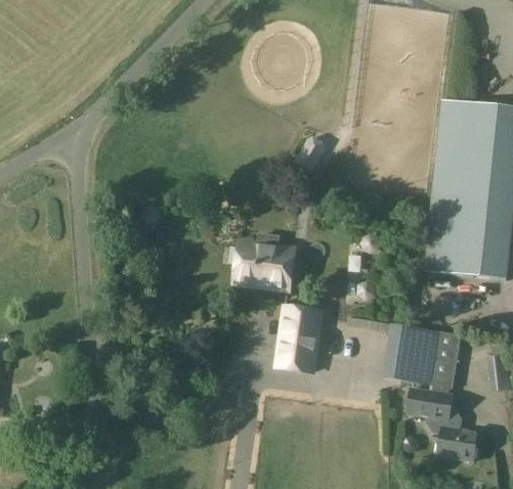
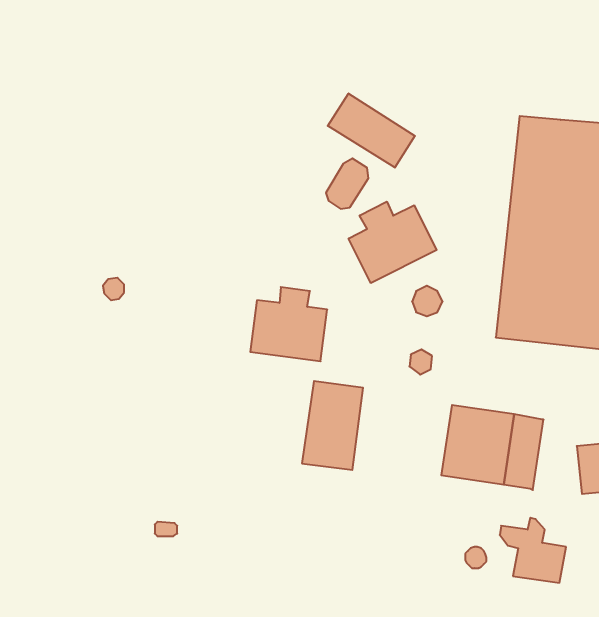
building: none -> [328,93,415,168]
building: none -> [349,202,437,283]
building: [407,388,453,418] -> none

